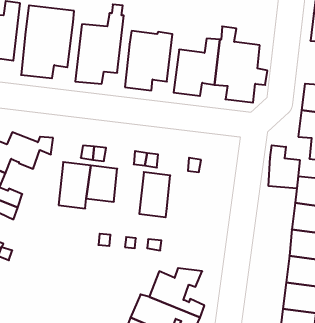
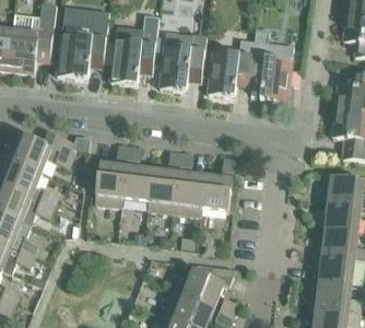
building: [269,145,300,188] -> none
building: none -> [148,168,178,213]
building: none -> [201,175,232,211]

